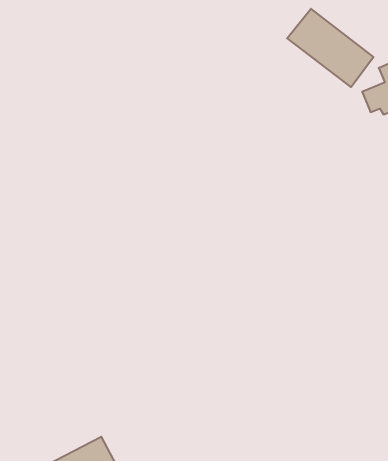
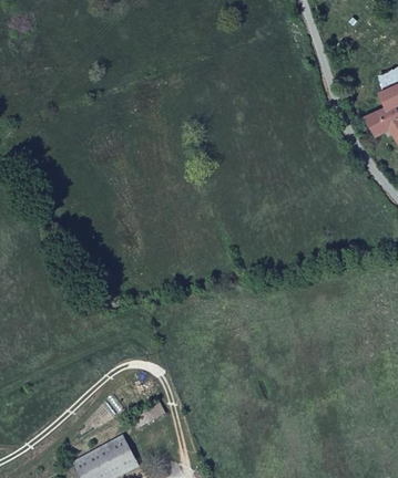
building: [287,9,373,87] -> none

